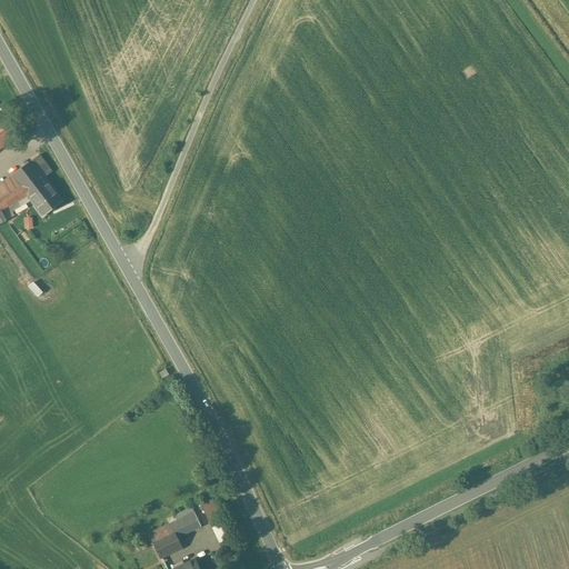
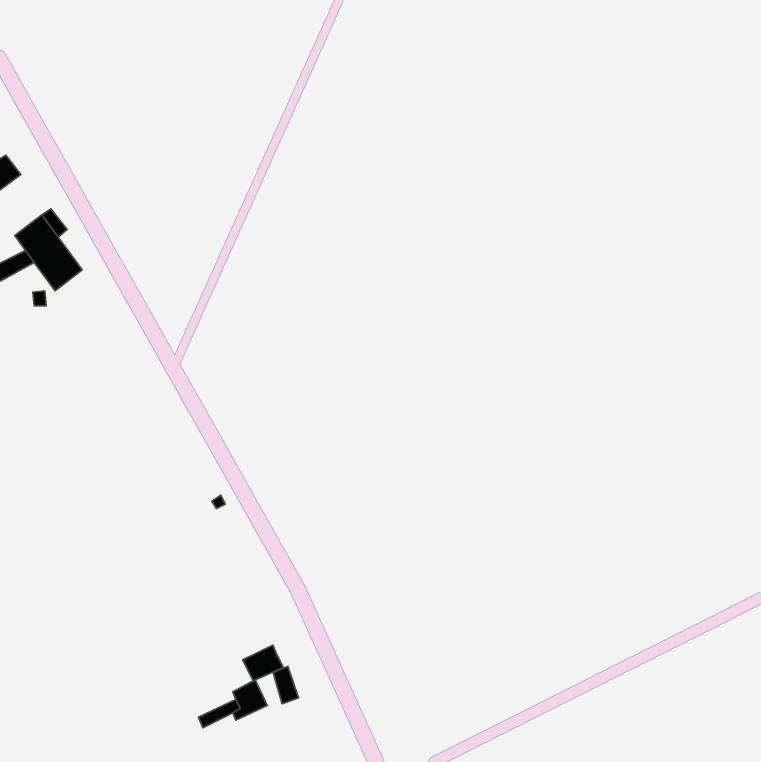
building: [151,531,181,558] -> [243,645,283,681]

